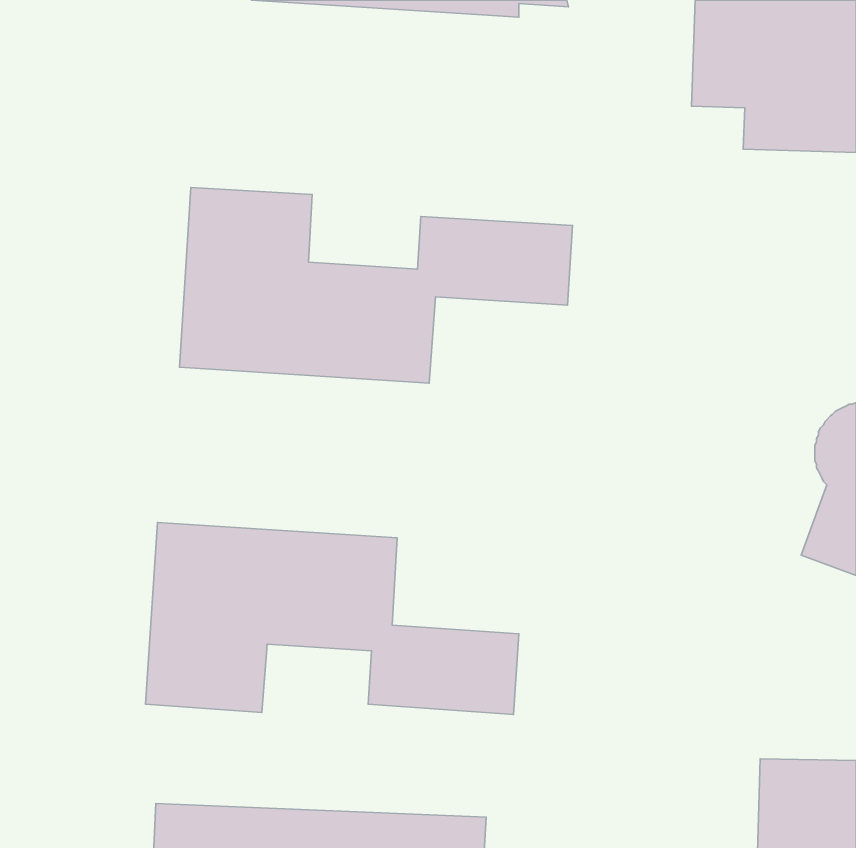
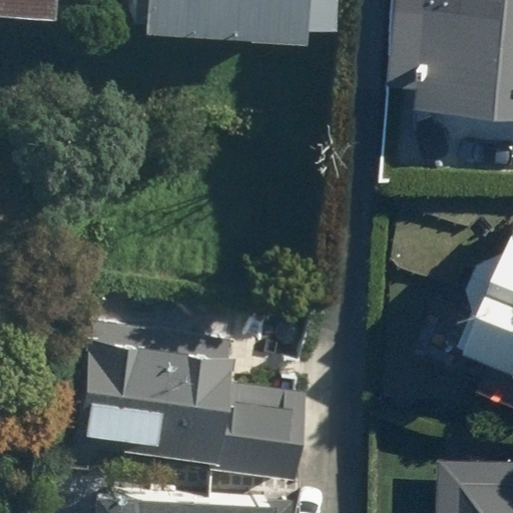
building: [180,188,573,383] -> none

